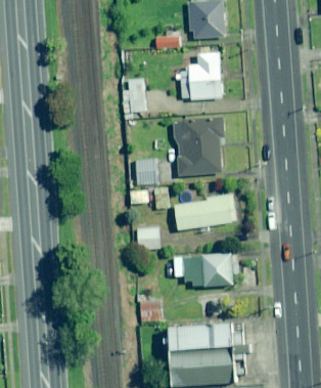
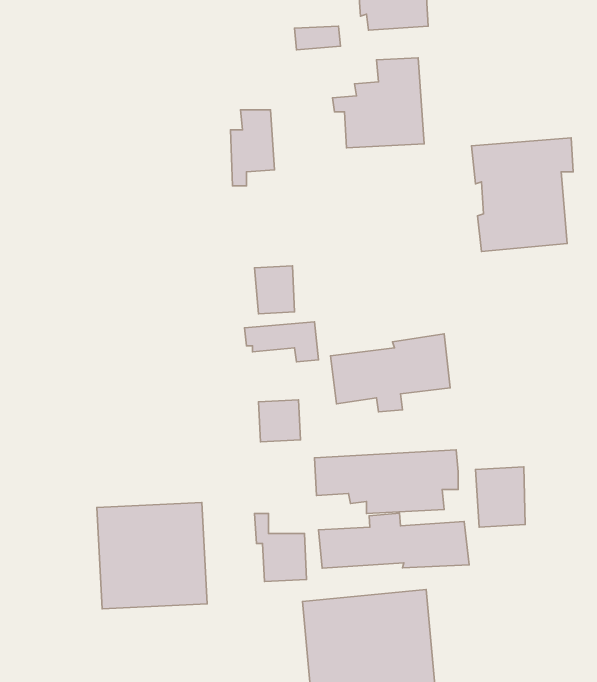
building: [172,118,224,176] -> [471,138,573,252]
building: none -> [475,467,525,527]
building: none -> [97,503,207,609]
building: none -> [319,513,469,568]

